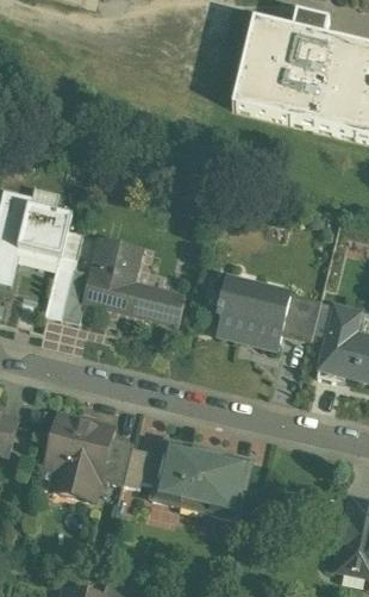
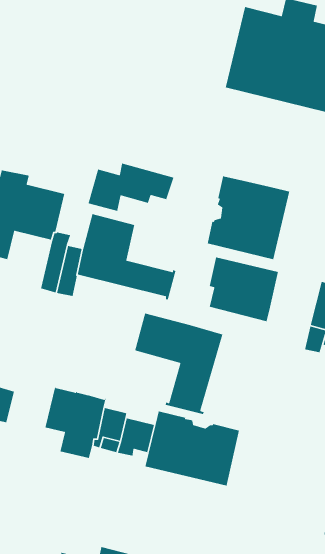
building: none -> [88,162,174,212]
building: none -> [207,175,290,260]
building: [283,294,321,341] -> none
building: none -> [134,313,224,415]

